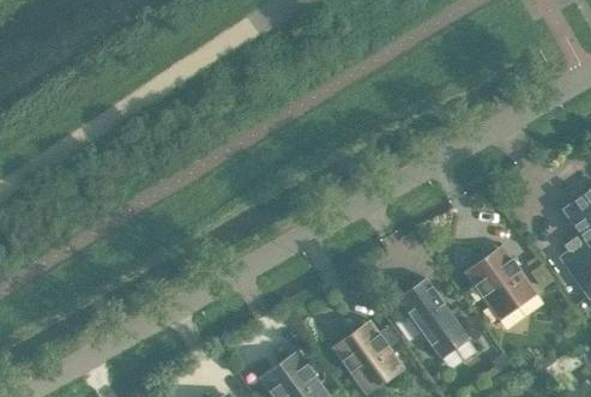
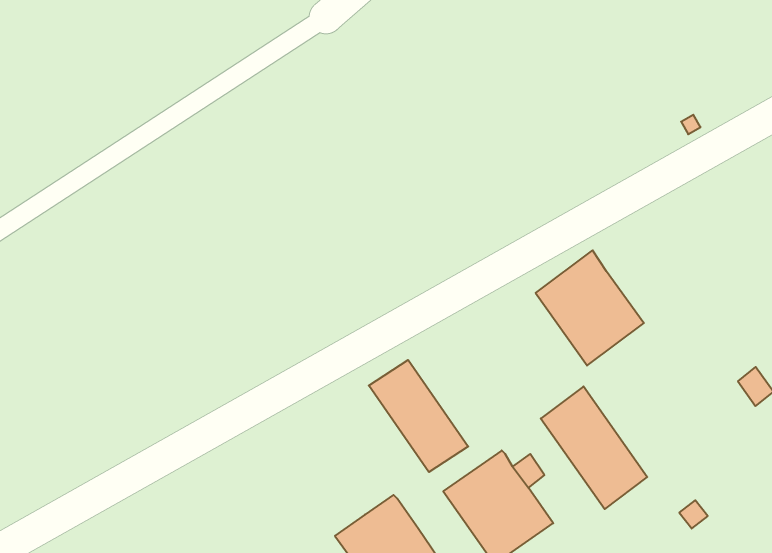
building: [464,243,537,321] -> [536,250,644,366]
building: none -> [369,360,468,472]

